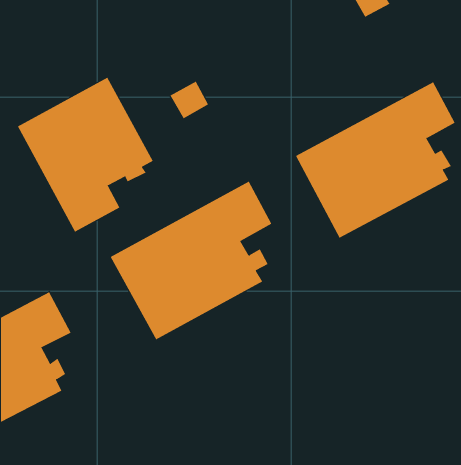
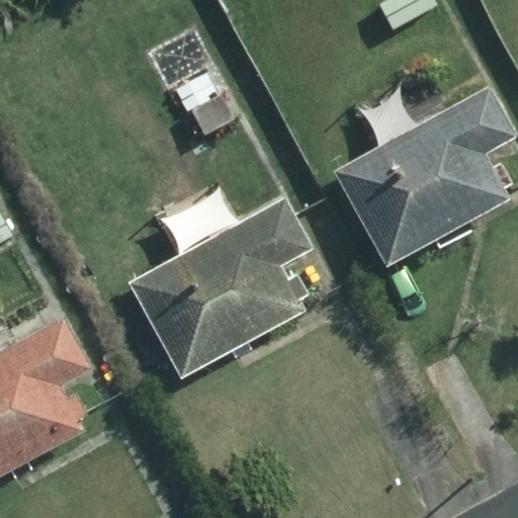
building: [17,77,154,233] -> none

